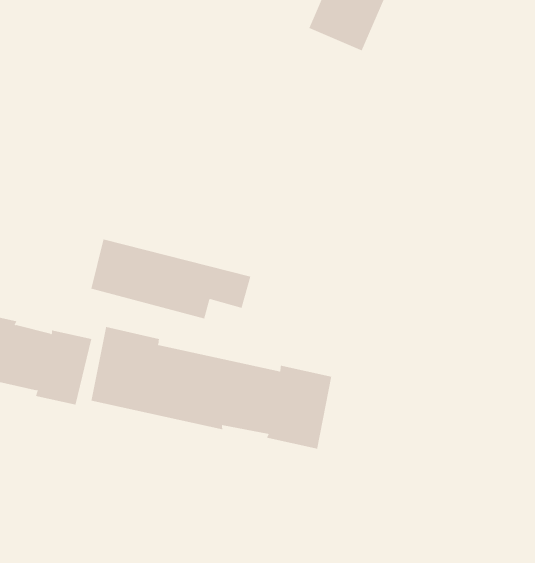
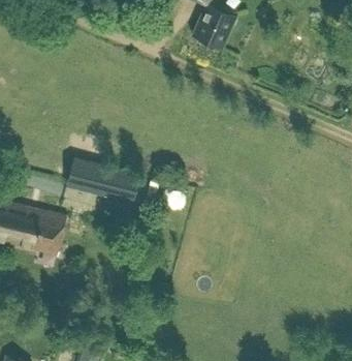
building: [91,326,332,450] -> none

